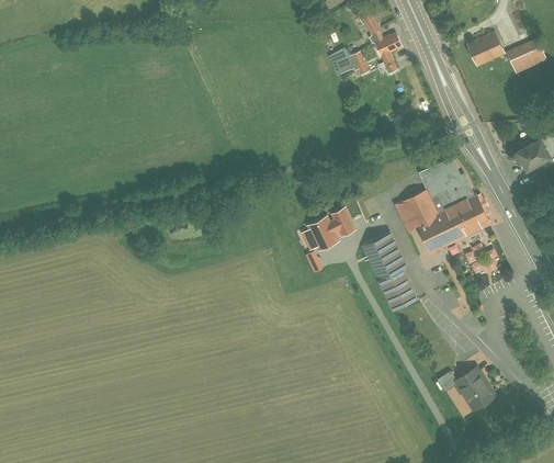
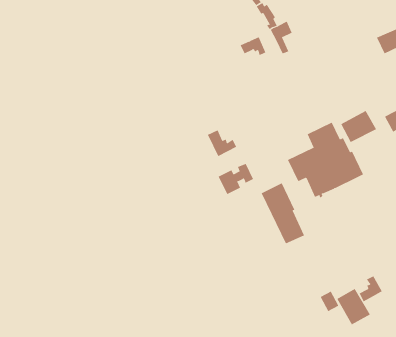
building: [466,32,504,67] -> none
building: none -> [341,110,377,143]
building: none -> [207,130,237,157]
building: none -> [359,276,383,302]

